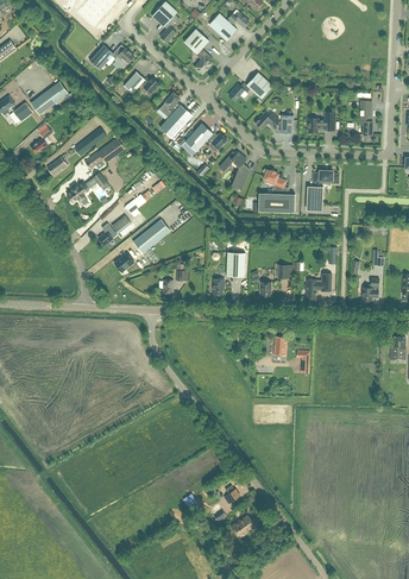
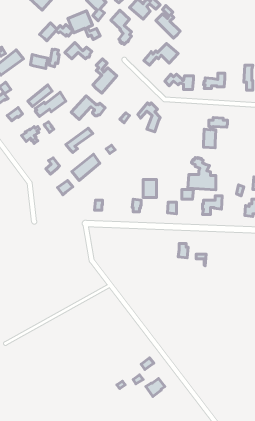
building: none -> [156,6,180,38]
building: none -> [68,11,100,39]
building: none -> [31,49,59,68]
building: [182,124,227,155] -> [71,96,105,119]
building: [258,170,295,213] -> [188,157,216,190]

